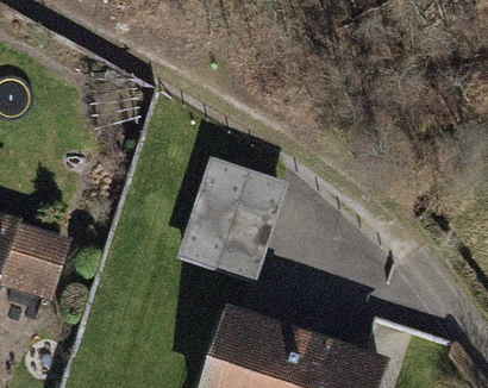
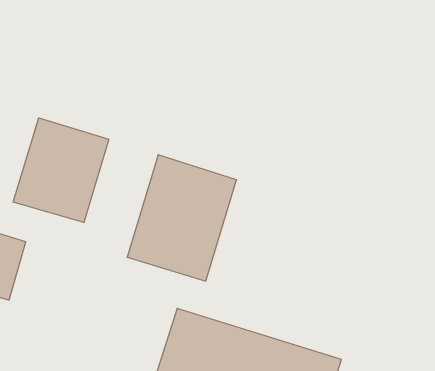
building: none -> [13,118,109,223]

